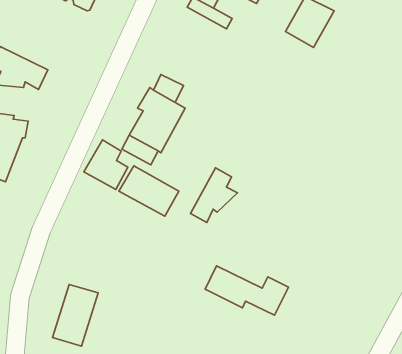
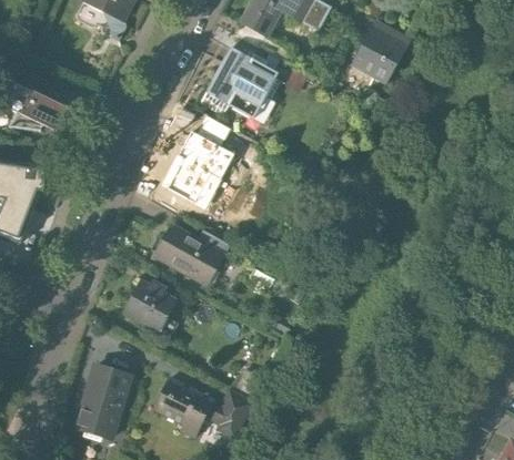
building: none -> [201,47,278,115]
building: [84,140,128,189] -> [121,273,173,331]
building: [191,168,238,223] -> none
building: [205,266,289,315] -> [154,378,253,437]

